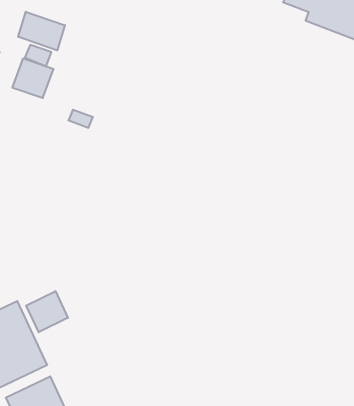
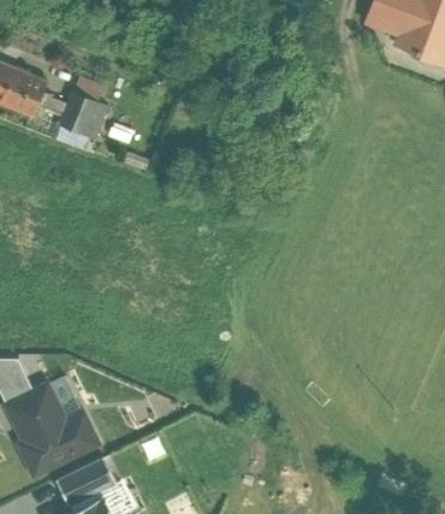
building: [18,12,65,50] -> none
building: [26,291,68,332] -> none

